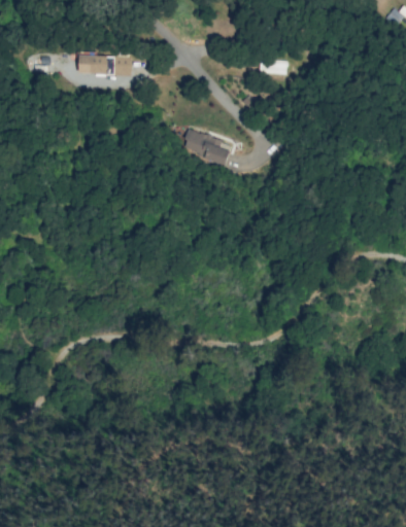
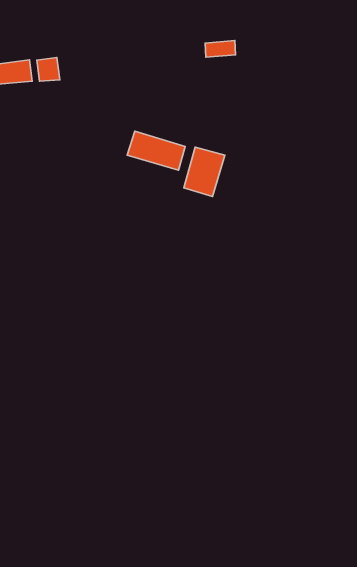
building: none -> [184,147,225,197]

